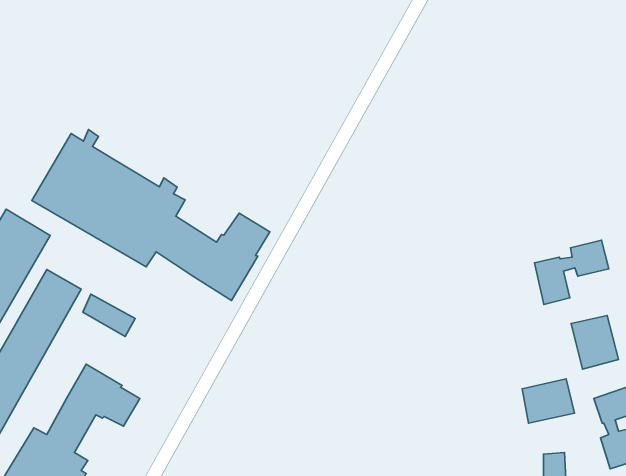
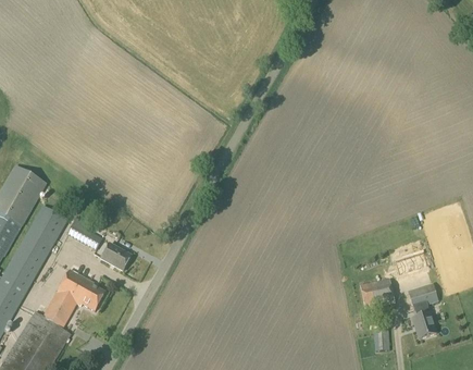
building: [32,129,270,300] -> none
building: [535,240,609,305] -> none
building: none -> [101,242,132,269]

